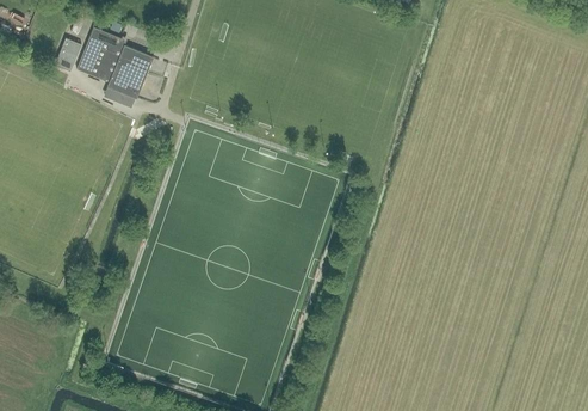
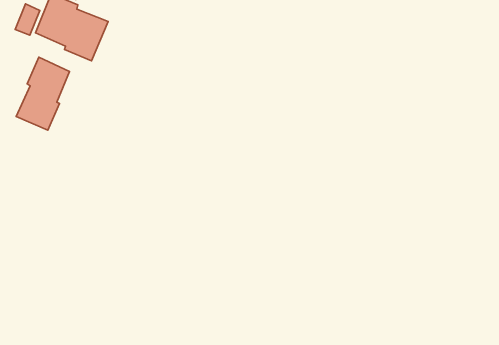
building: none -> [16,57,70,130]

